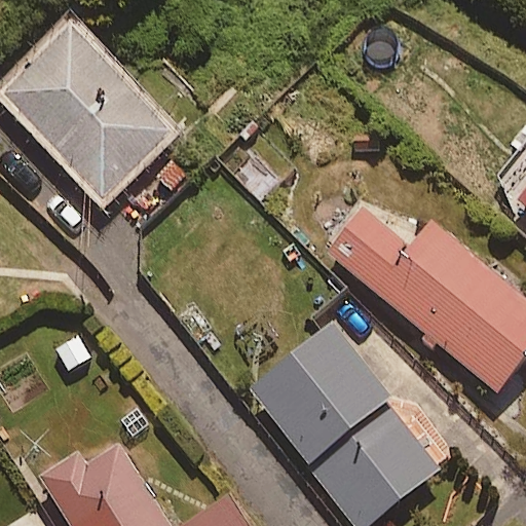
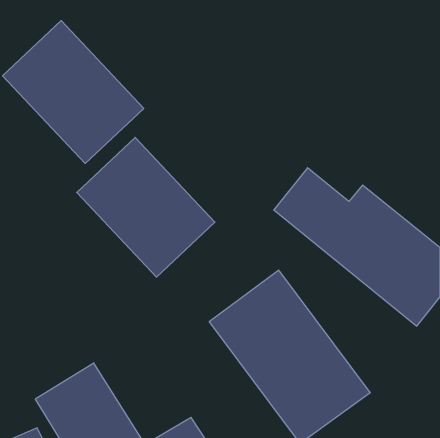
building: none -> [77,137,215,277]

